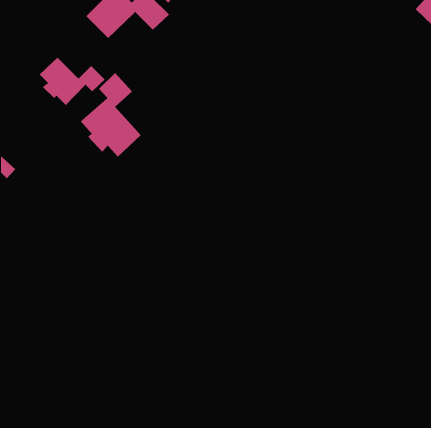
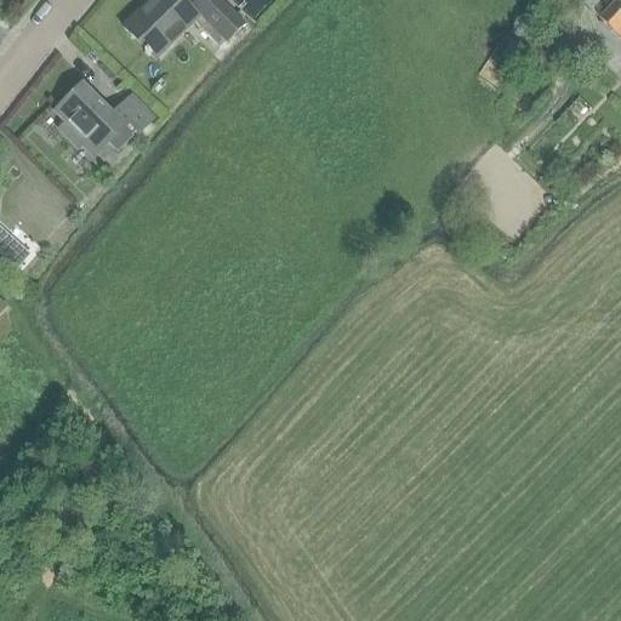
building: [80,72,142,158] -> none

